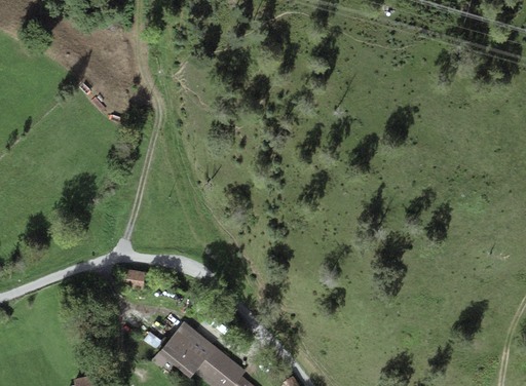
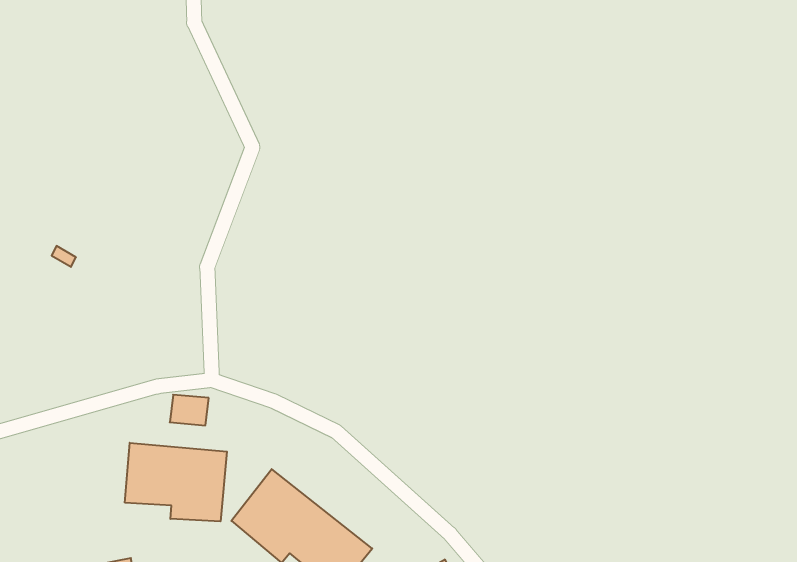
building: none -> [125,443,227,521]

